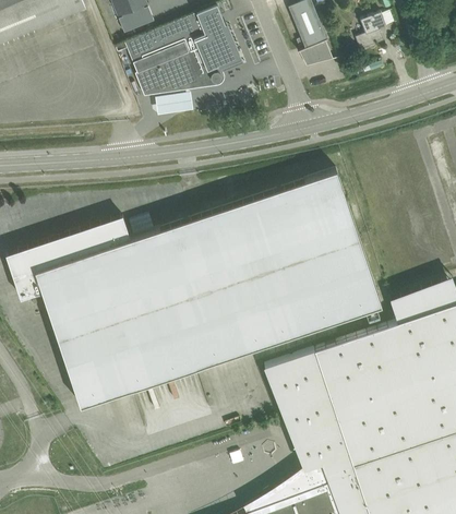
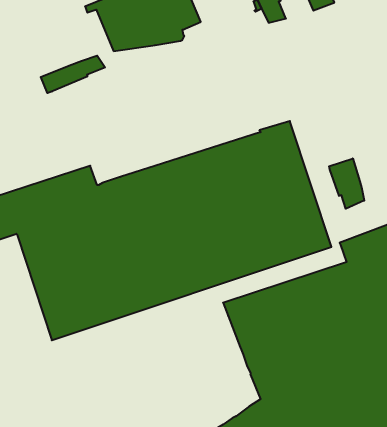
building: none -> [41,56,105,93]
building: none -> [329,158,364,209]

